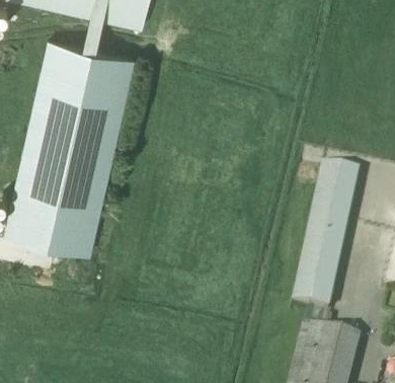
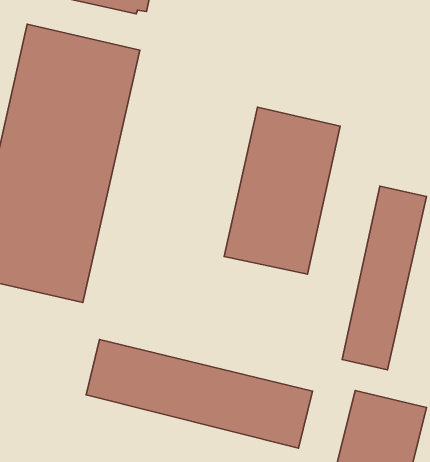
building: none -> [224,107,340,274]
building: none -> [86,339,313,448]

